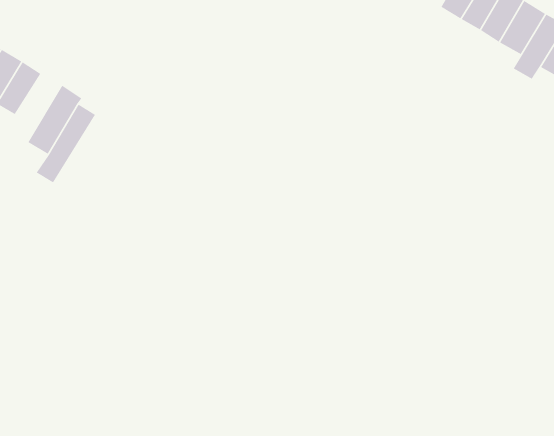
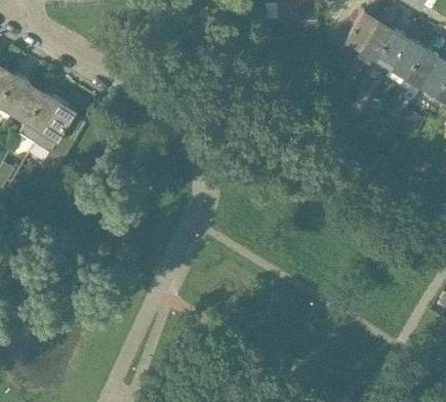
building: none -> [18,92,59,144]

